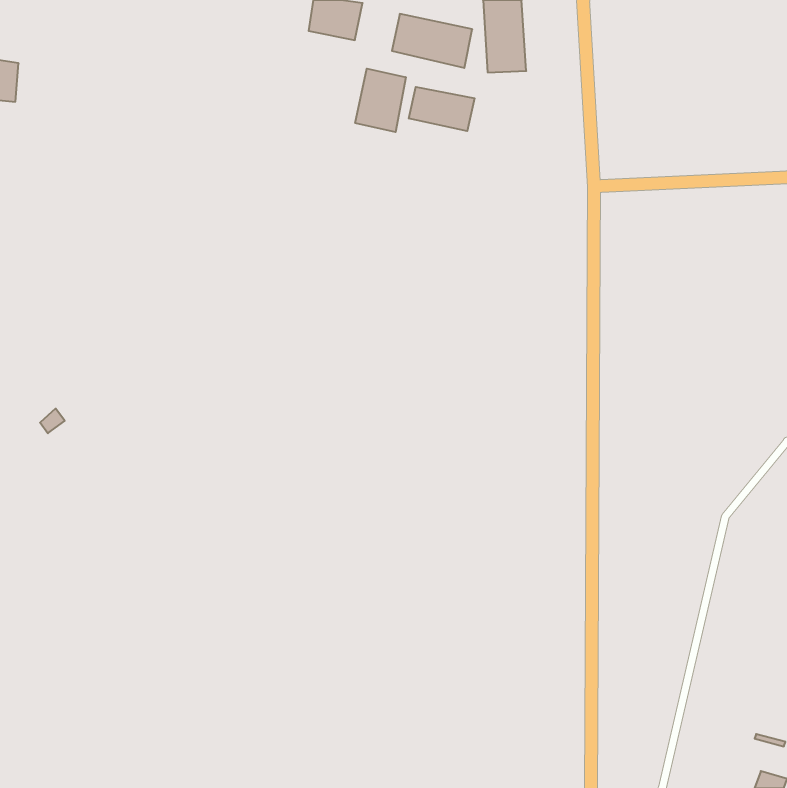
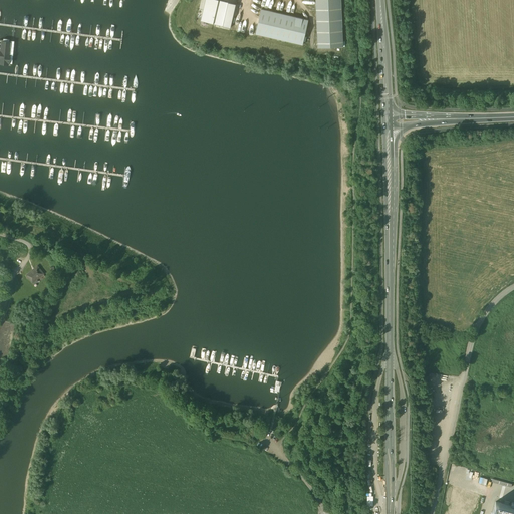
building: [355,69,406,132] -> none
building: [409,87,475,131] -> none

